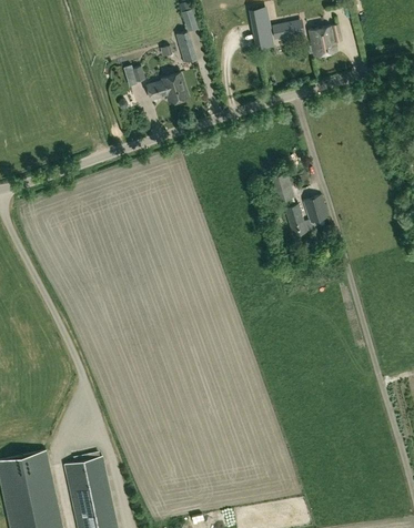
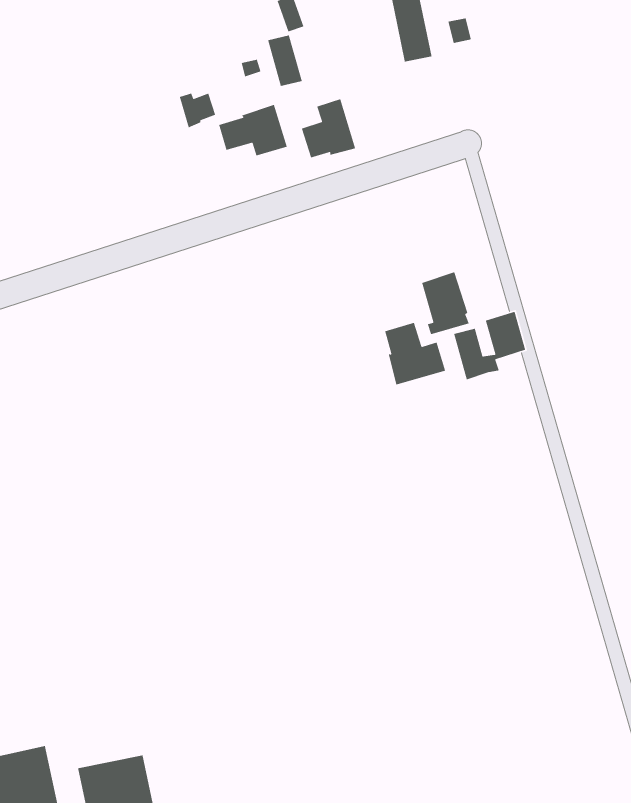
building: [309,26,341,55] -> none
building: none -> [301,98,356,159]
building: none -> [384,322,446,386]

